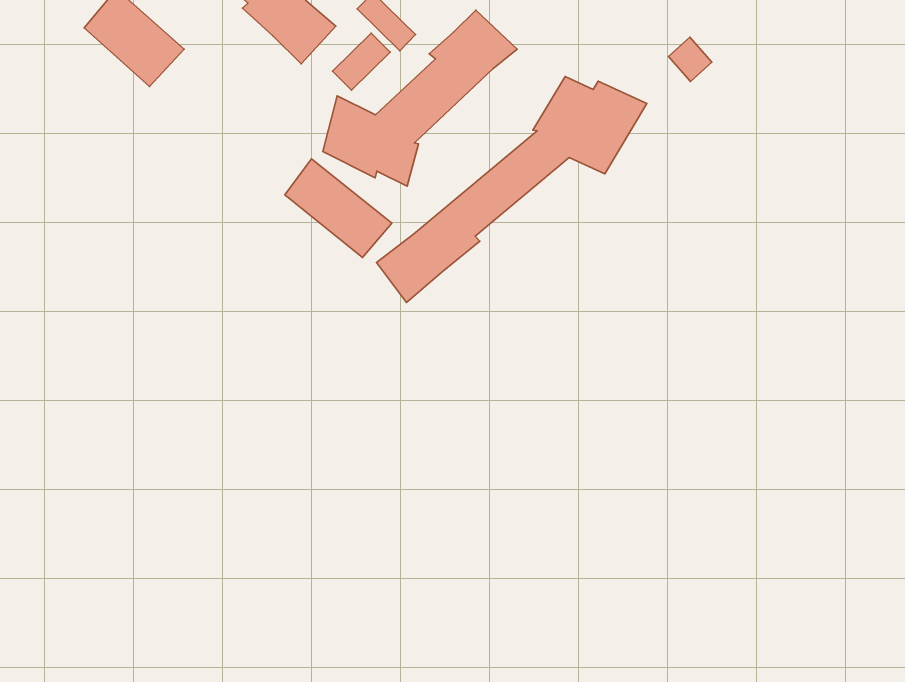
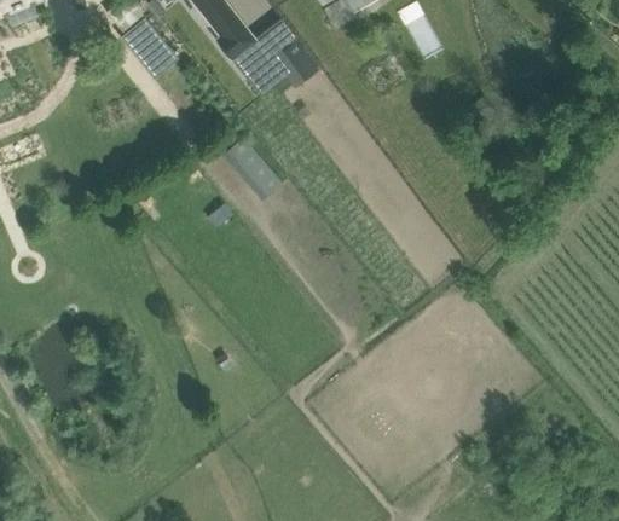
building: [323,10,517,186] -> none
building: [376,77,647,303] -> none

